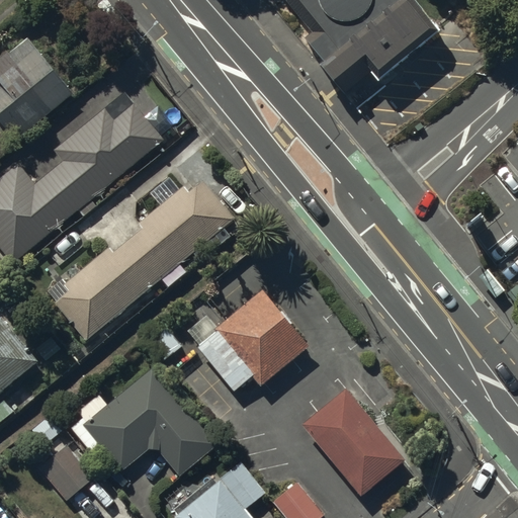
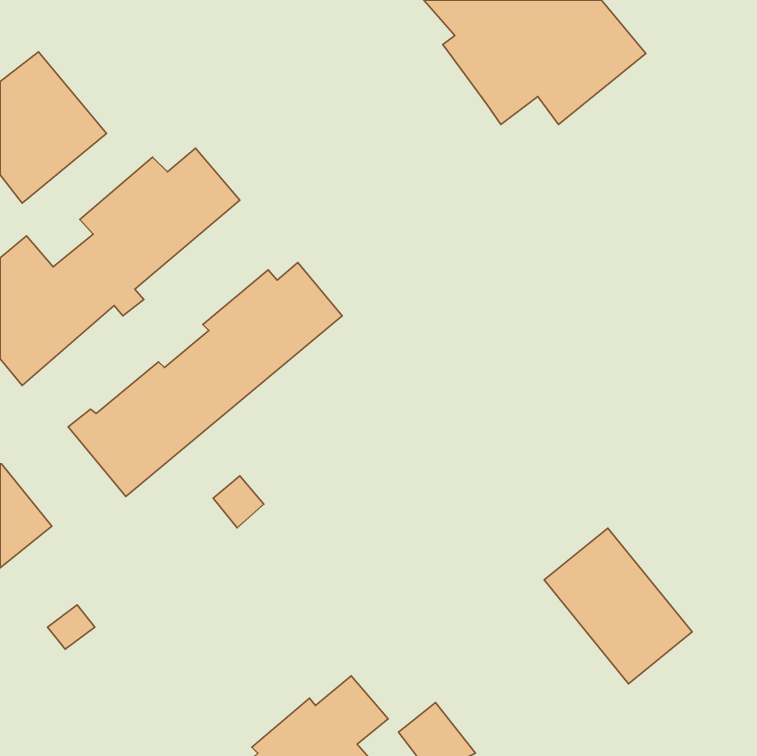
building: [187,290,308,392] -> none
building: [72,371,214,474] -> none
building: [303,387,404,494] -> [544,528,692,684]
building: [38,446,93,501] -> none

